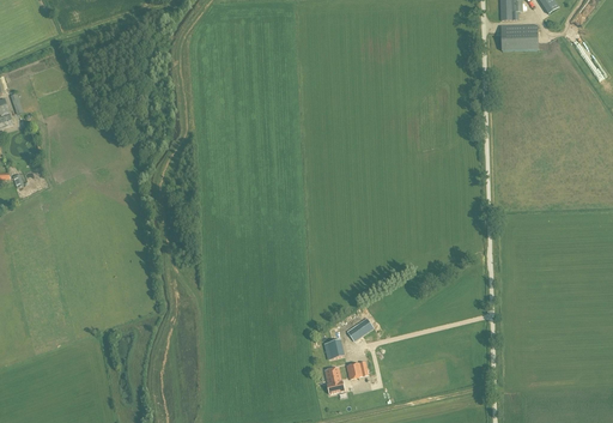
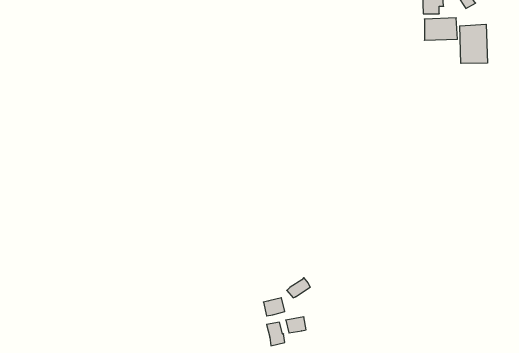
building: none -> [460,24,487,63]

